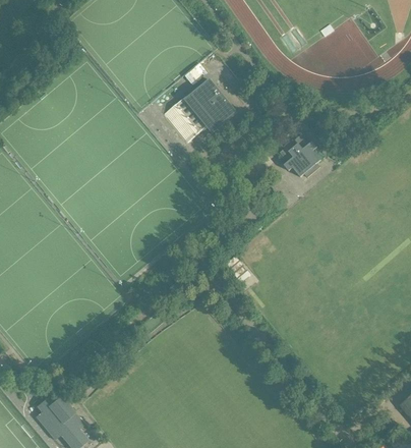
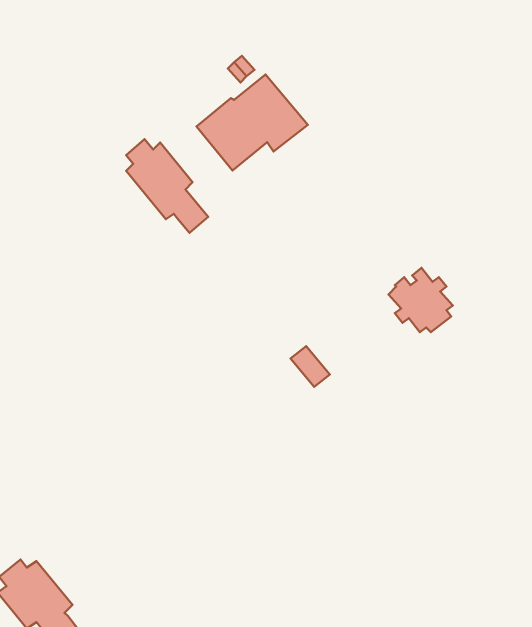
building: none -> [126,139,208,233]
building: [280,135,321,177] -> [388,268,453,332]

